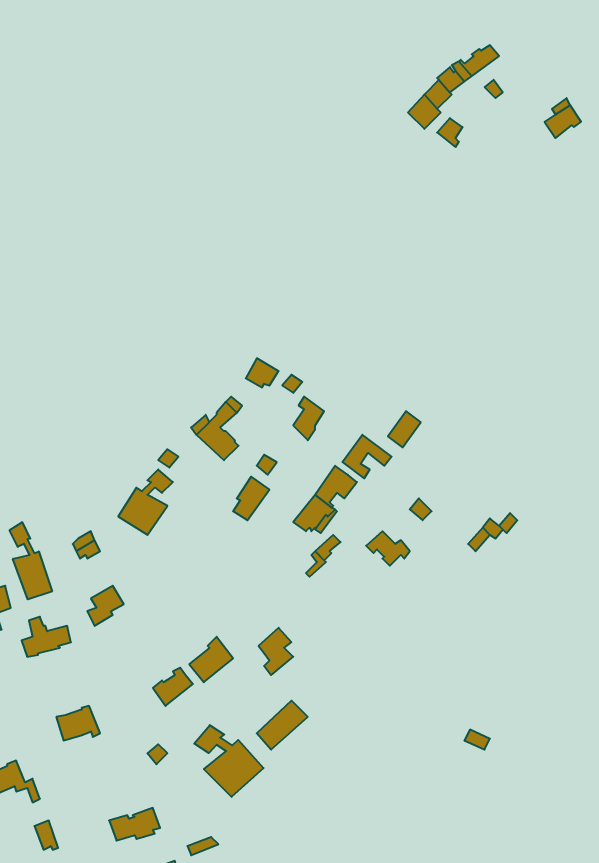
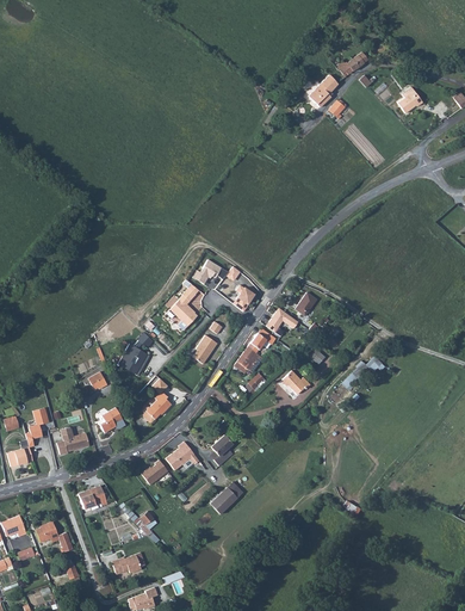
building: [10,522,52,599] -> none
building: none -> [141,378,170,424]
building: [194,725,264,797] -> none

